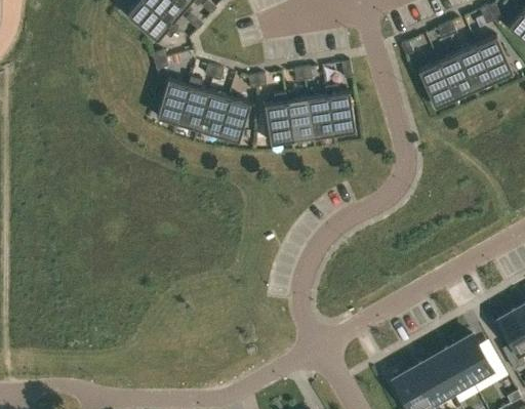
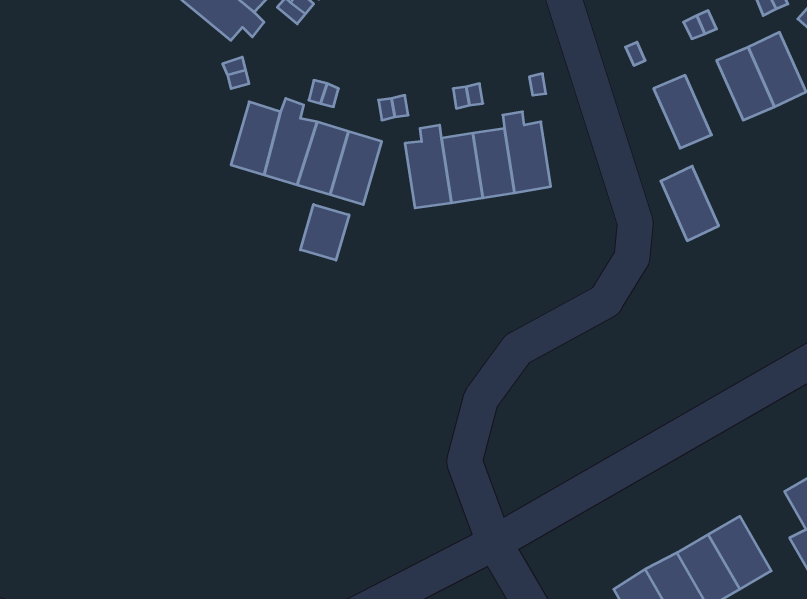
building: [438,53,474,99] -> [661,166,719,241]
building: none -> [300,204,349,260]

